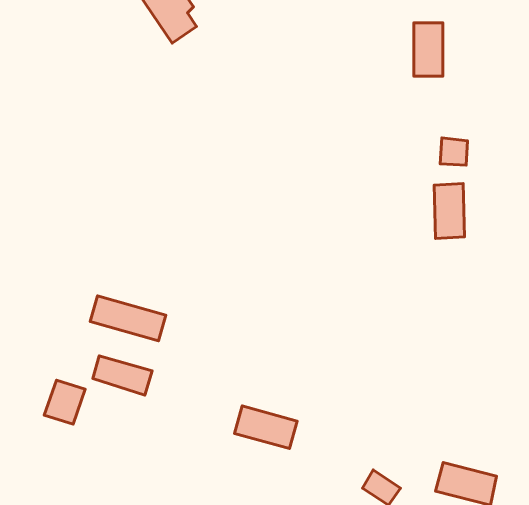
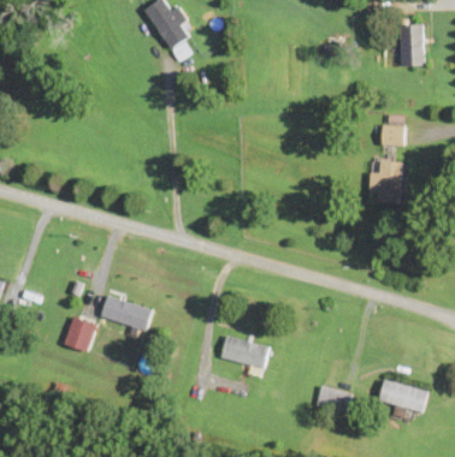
building: [414,23,443,76] -> [400,24,422,66]
building: [90,296,166,341] -> none

